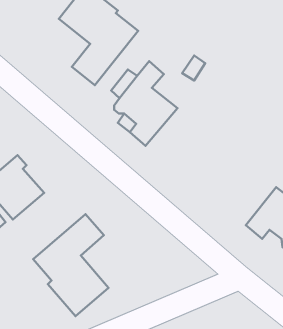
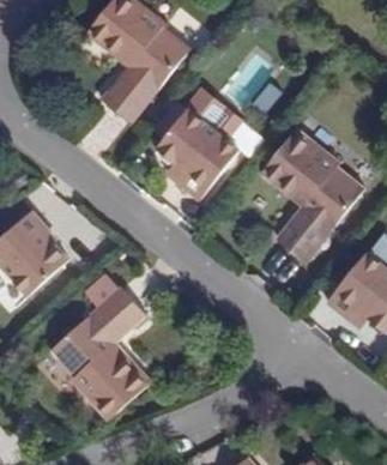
building: none -> [262,127,365,258]

